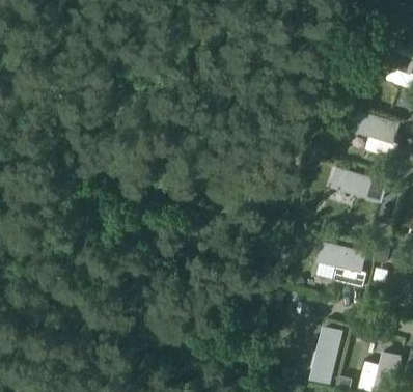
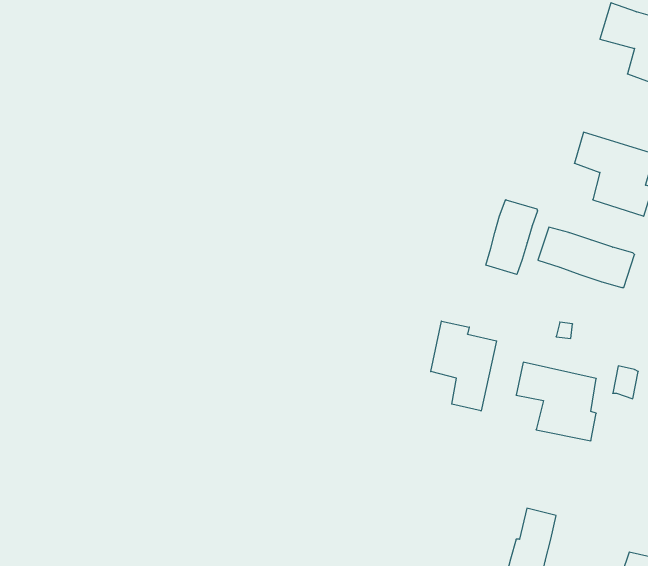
building: none -> [486,200,537,274]
building: none -> [431,321,497,411]

